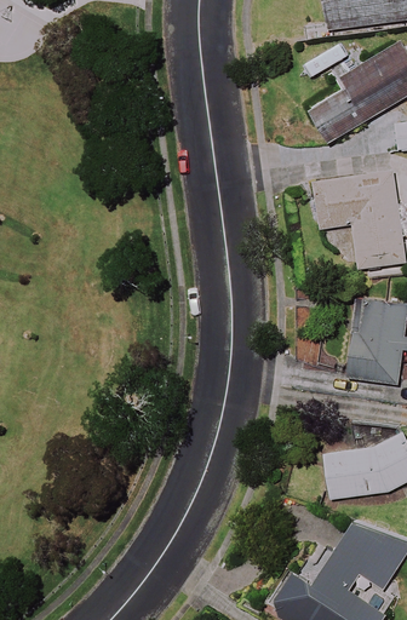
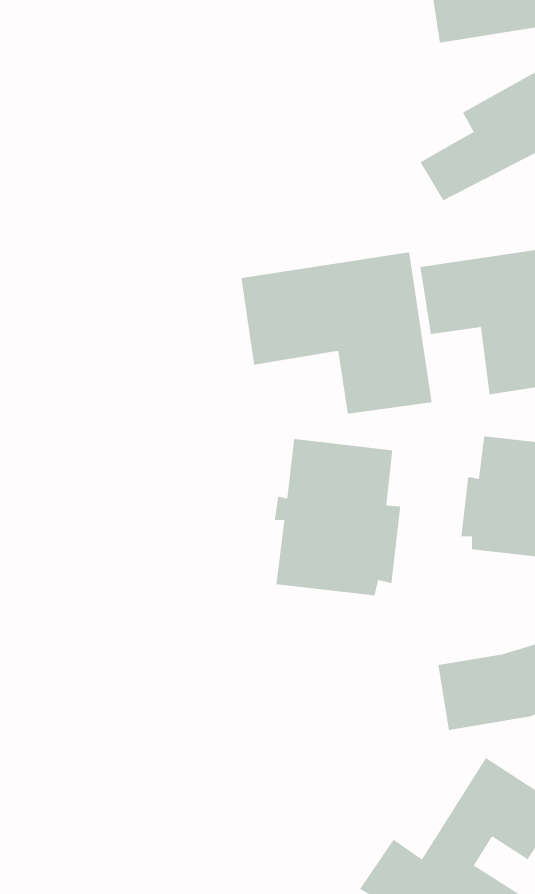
building: none -> [241,251,432,415]
building: none -> [274,438,401,596]

